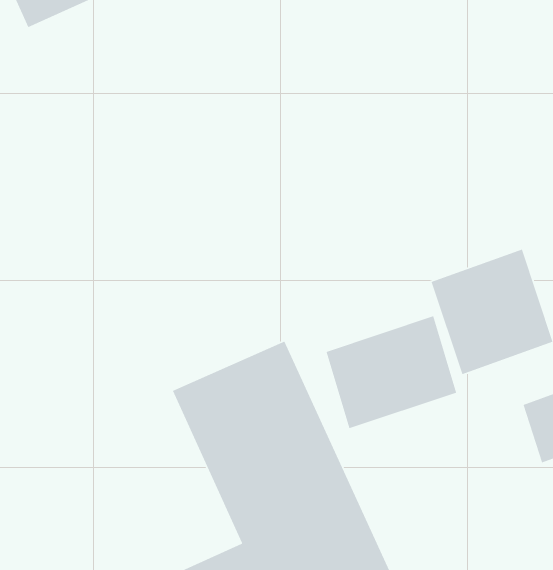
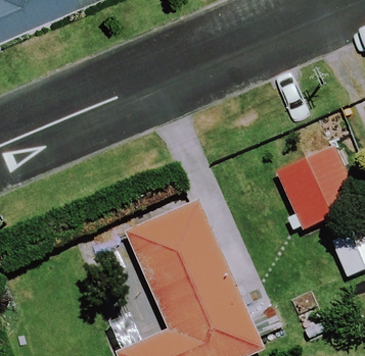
building: [326,315,457,429] -> none

